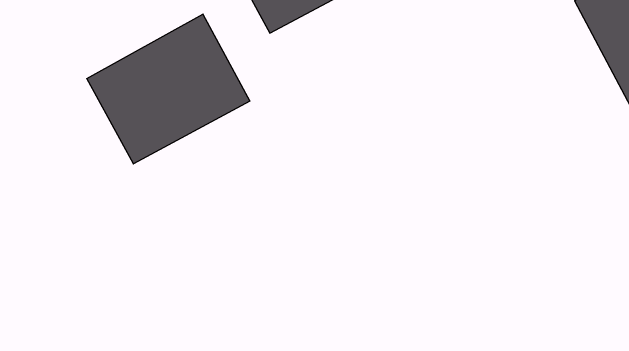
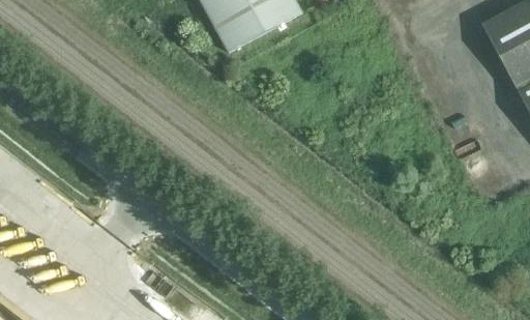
building: [87,14,250,164] -> none

